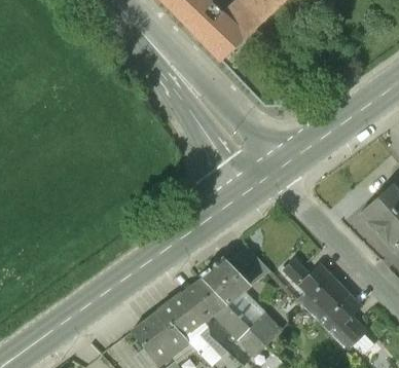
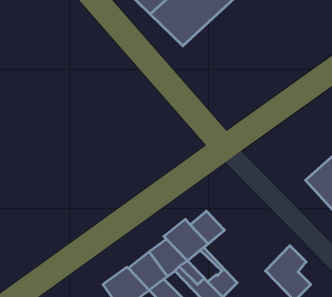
building: [284,258,343,316] -> none
building: [227,292,266,328] -> none

